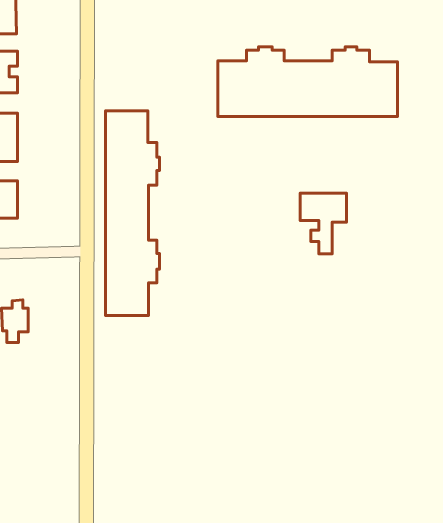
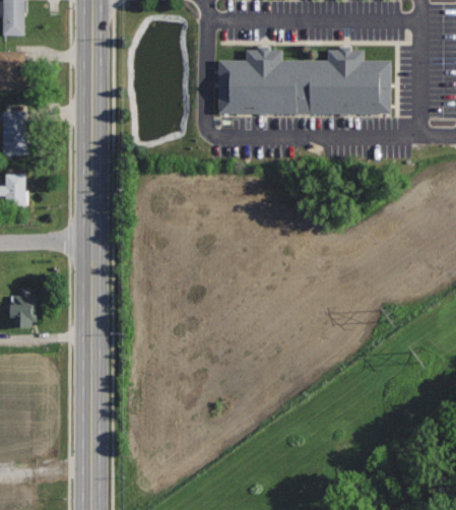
building: [106,111,159,316] -> none
building: [300,193,347,254] -> none

